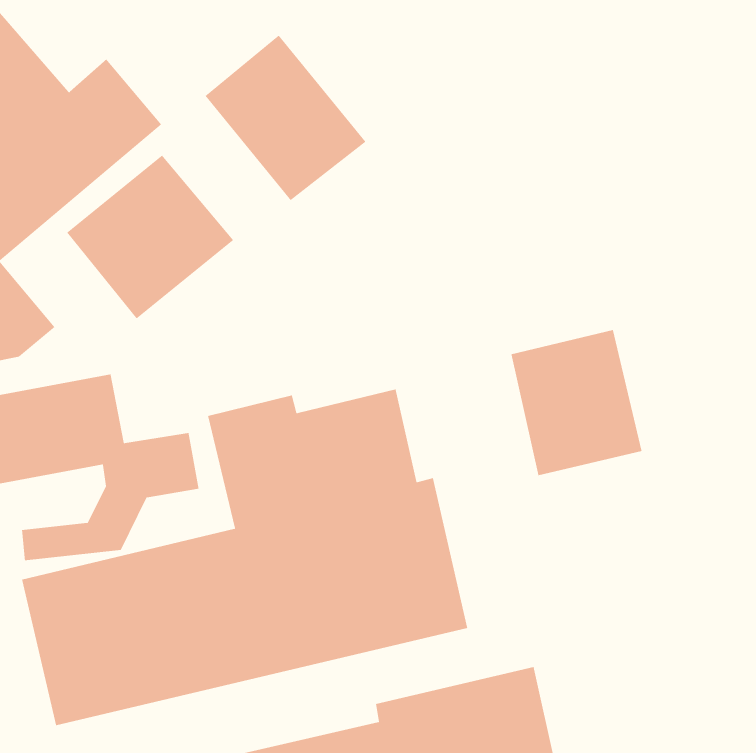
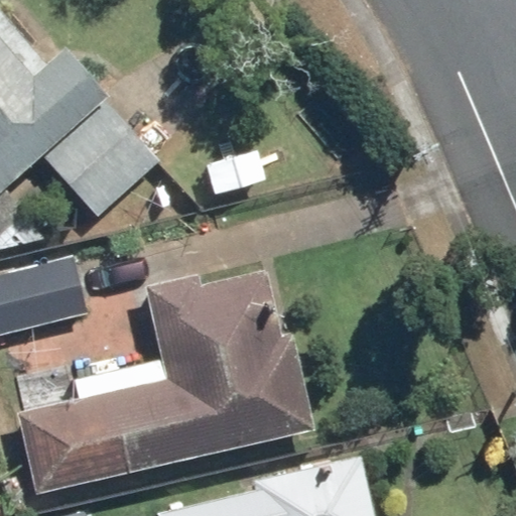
building: [204,35,366,201] -> none
building: [511,329,643,476] -> none

